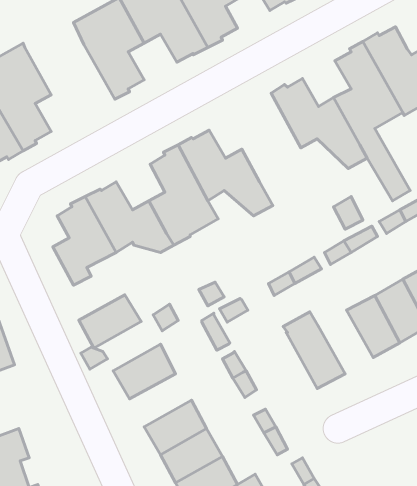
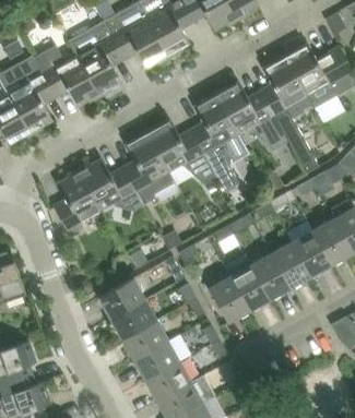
building: none -> [34,46,100,108]
building: none -> [194,93,239,191]
building: [79,295,141,348] -> [111,300,157,339]
building: none -> [251,253,292,300]
building: none -> [205,270,250,323]

